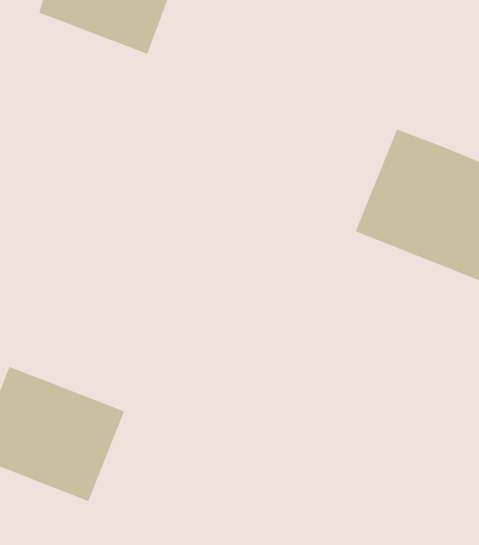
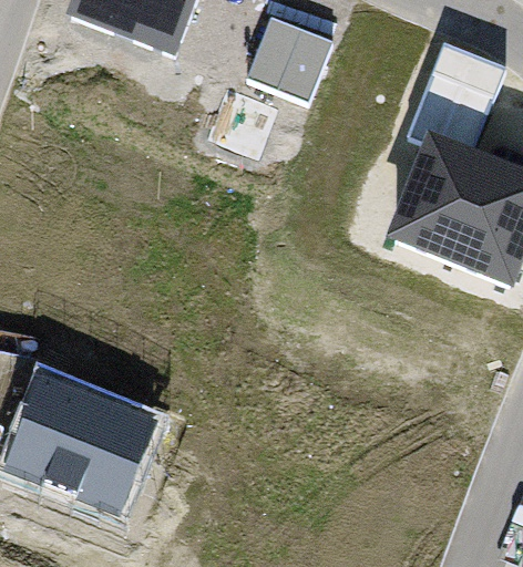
building: none -> [248,14,334,100]
building: none -> [413,43,509,148]

